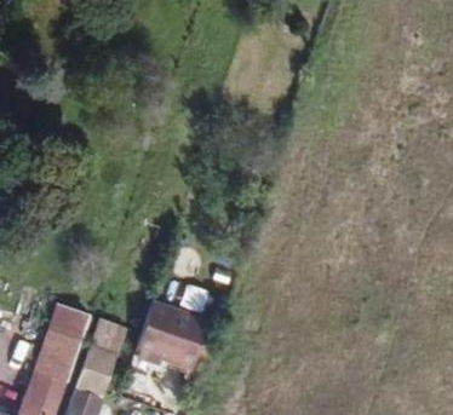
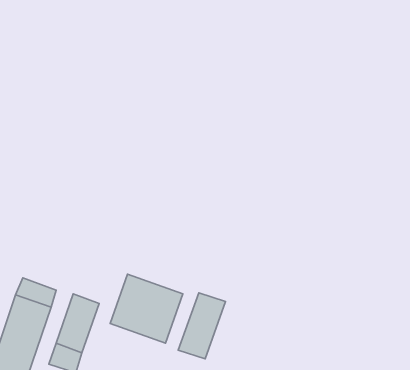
building: none -> [178,293,225,359]

